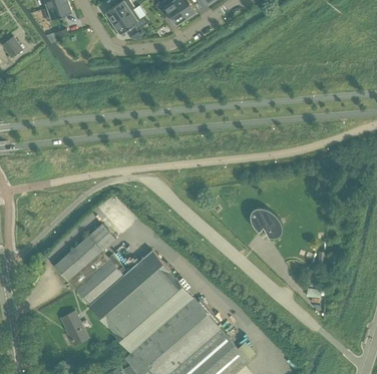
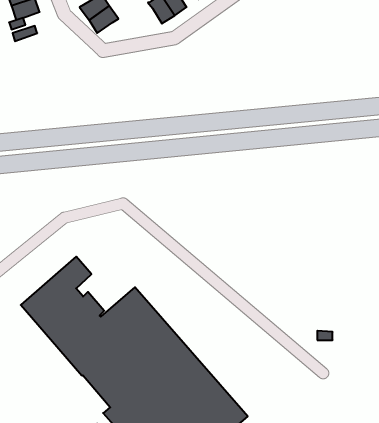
building: [250,207,282,238] -> none
building: [60,310,88,344] -> none

